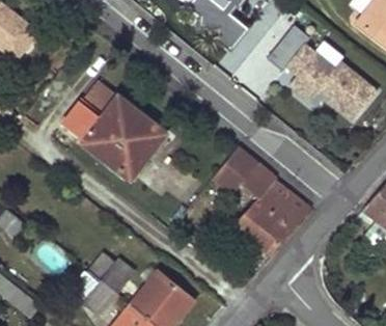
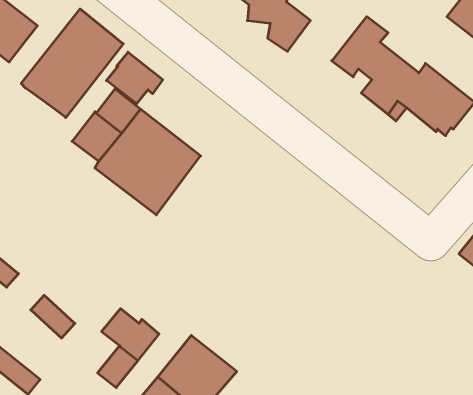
building: none -> [21,9,123,118]
building: none -> [106,52,163,104]
building: [213,146,310,253] -> none

